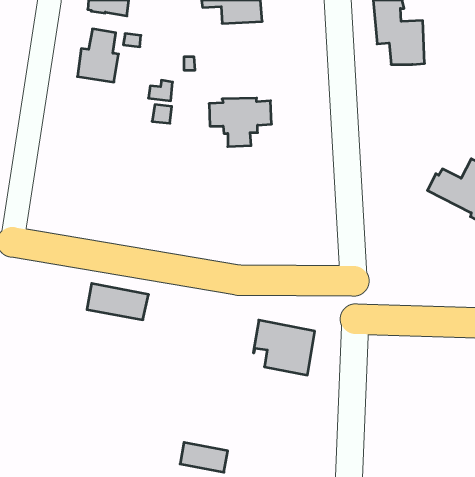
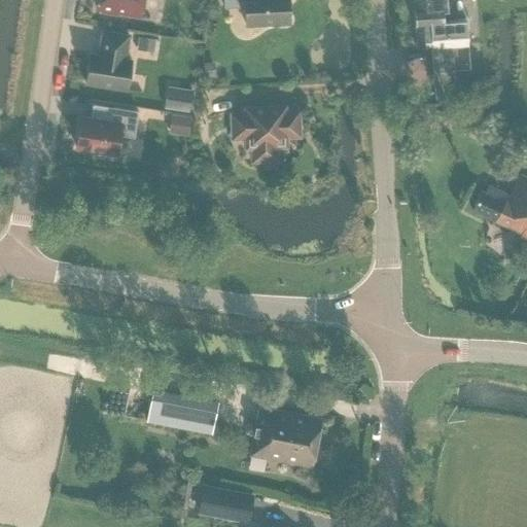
building: none -> [77,105,139,159]
building: [87,283,149,320] -> [149,394,217,434]
building: [253,320,315,375] -> [254,407,322,467]

